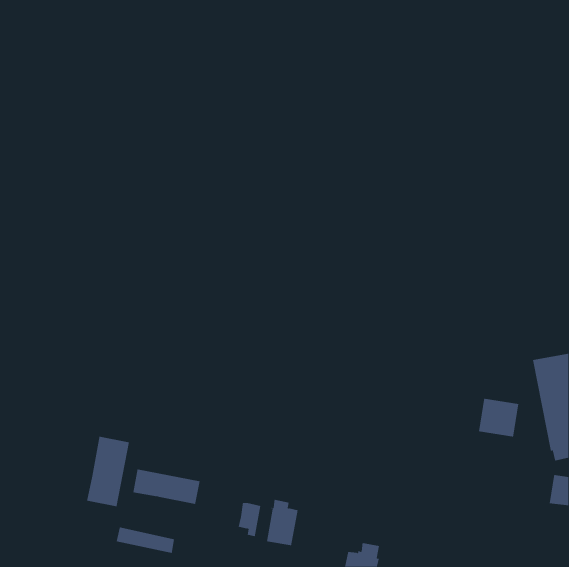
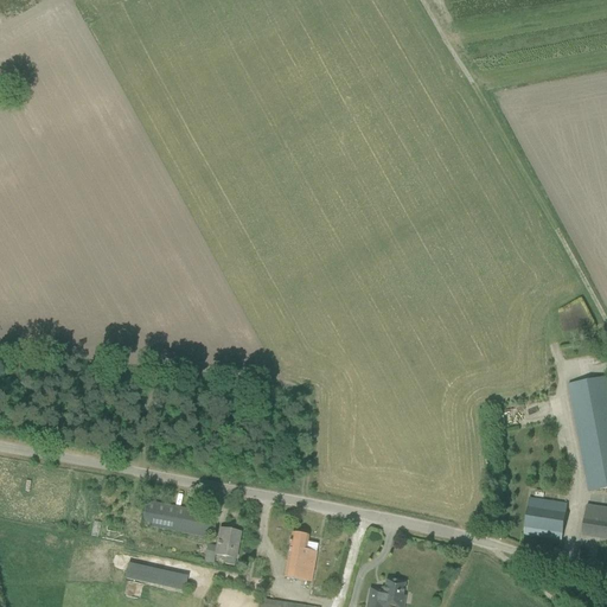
building: [478,398,519,437] -> [523,497,567,538]
building: [87,436,130,507] -> none
building: [238,502,261,537] -> [215,528,239,564]

